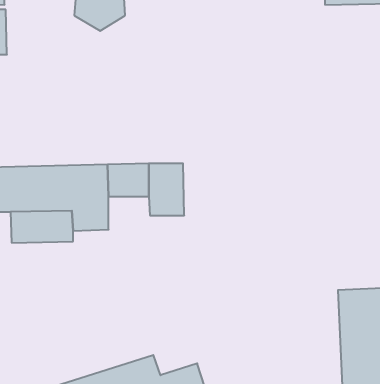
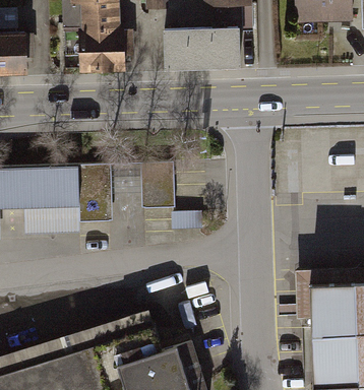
building: none -> [168,27,239,65]
building: none -> [80,36,124,79]

